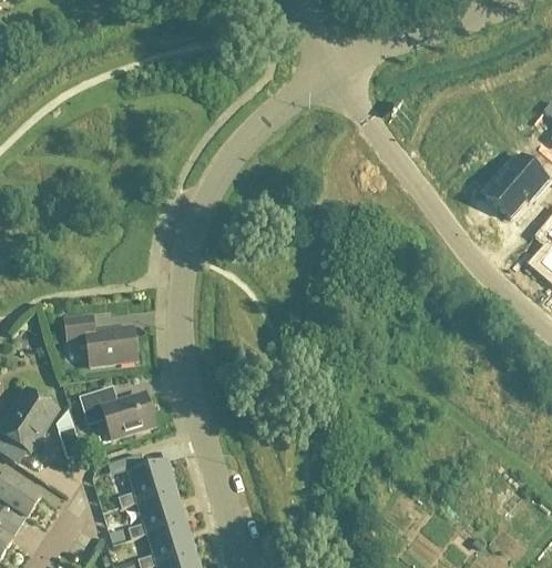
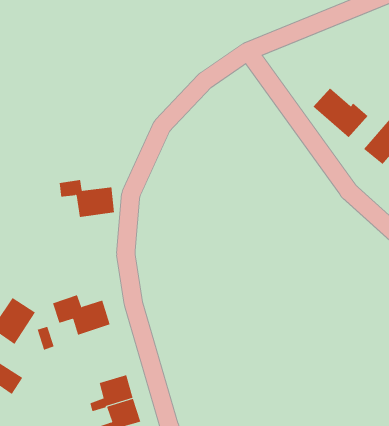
building: none -> [312,87,368,138]
building: [63,316,136,366] -> [59,179,115,218]
building: [116,458,175,507] -> none

